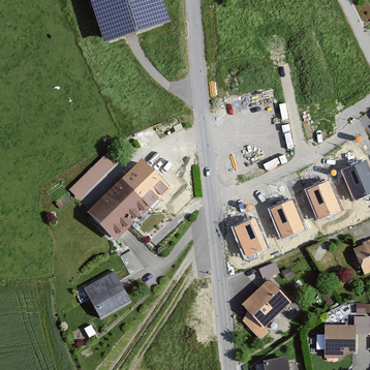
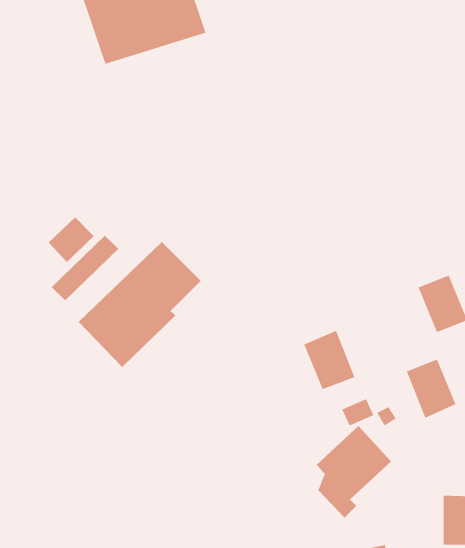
building: none -> [48,217,95,263]
building: [270,199,303,239] -> [406,358,457,419]
building: [83,271,130,318] -> none

